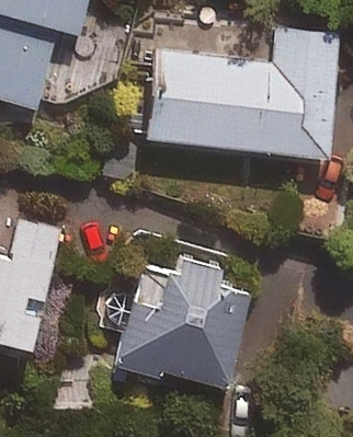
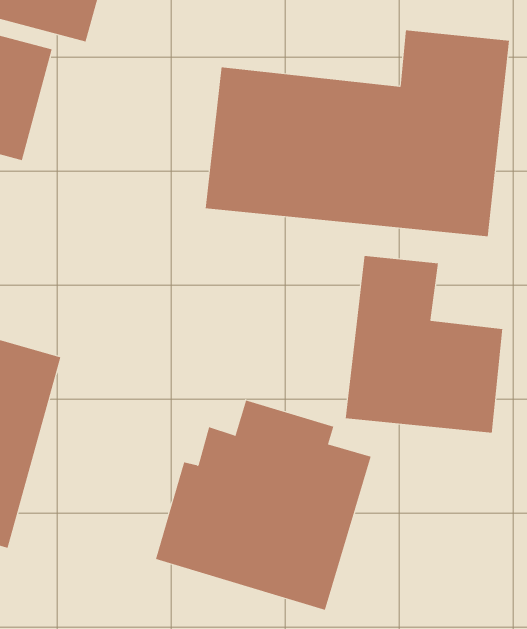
building: none -> [345,255,503,433]

